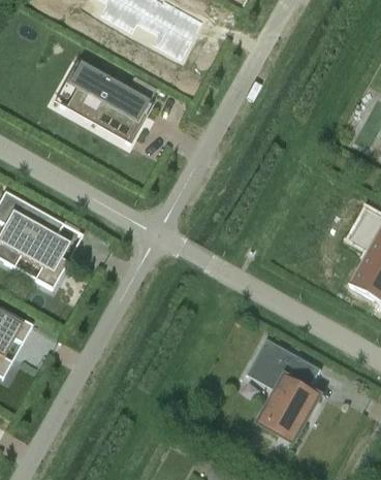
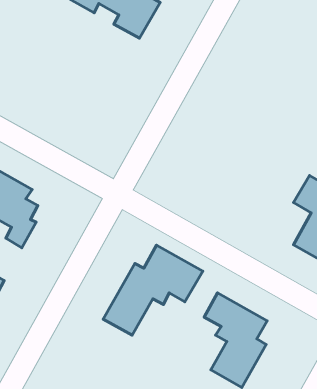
building: [68,62,156,138] -> none
building: none -> [103,245,203,335]

